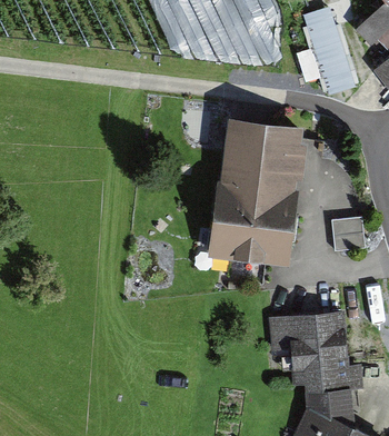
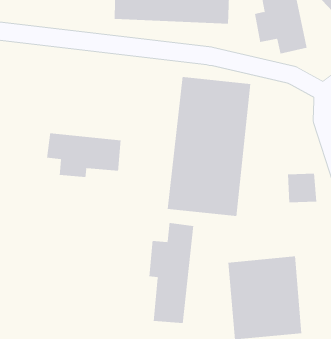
building: none -> [47,132,121,178]
building: none -> [149,222,194,324]

